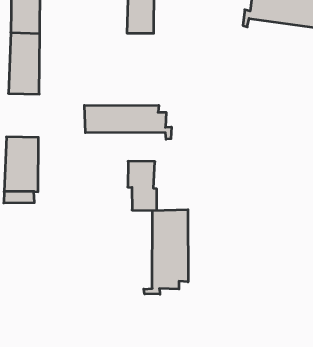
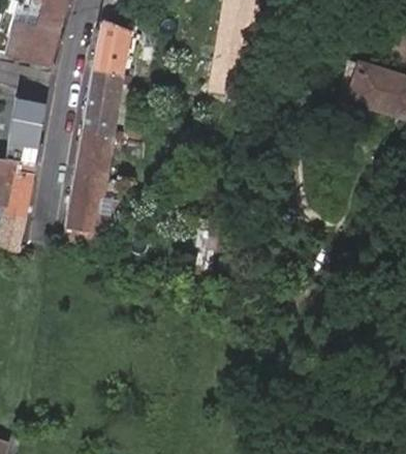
building: none -> [74,131,114,180]
building: [84,105,171,139] -> none
building: [144,210,188,294] -> none

